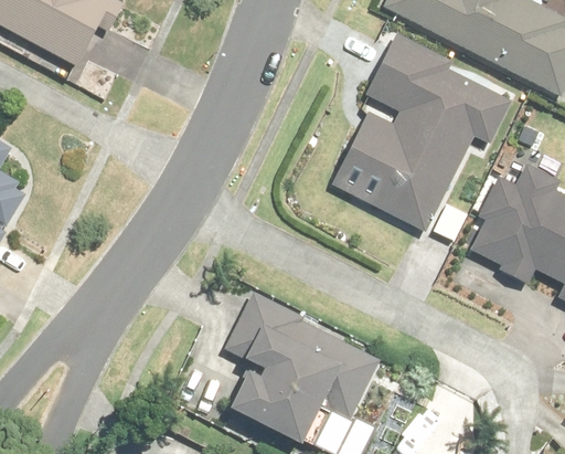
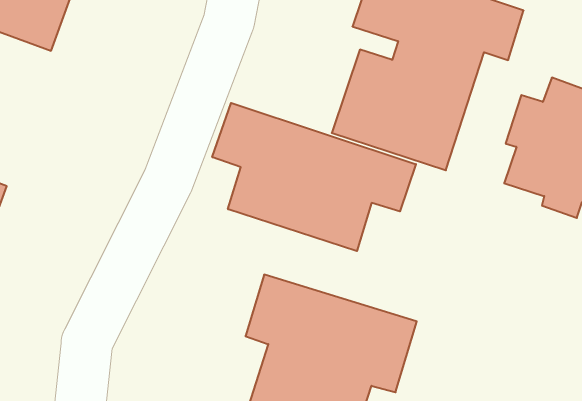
building: none -> [212,103,416,251]

